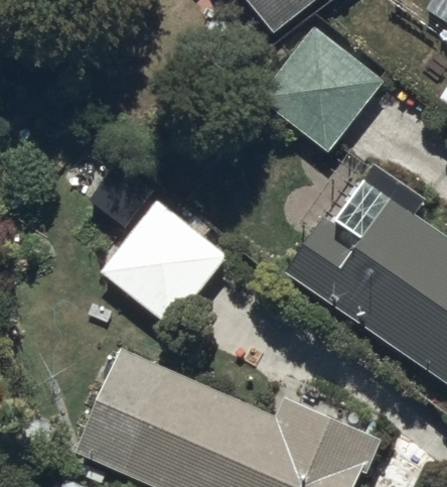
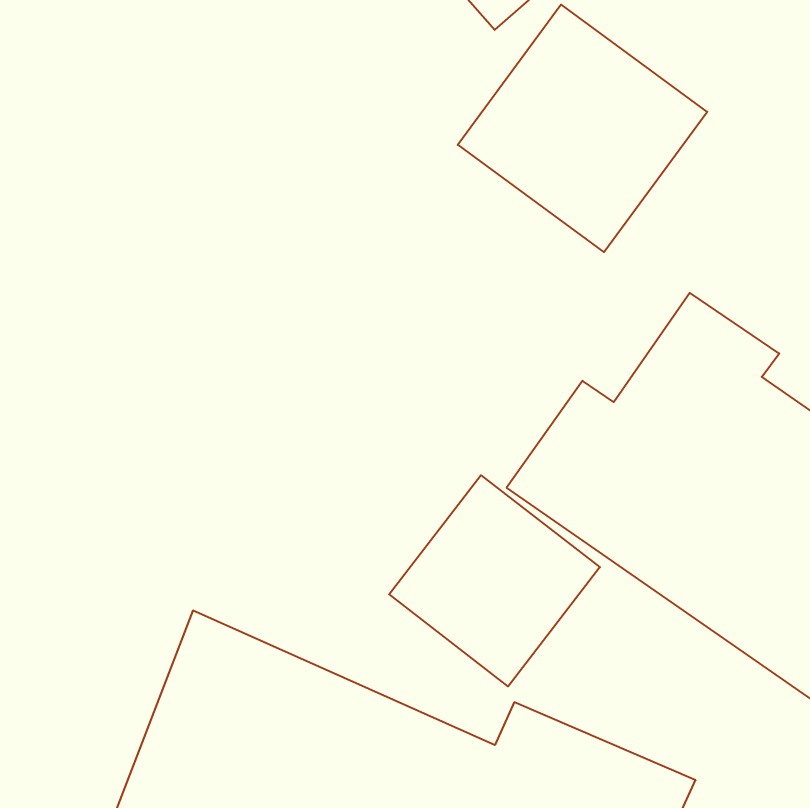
building: [98,189,229,321] -> none
building: none -> [389,475,600,686]

